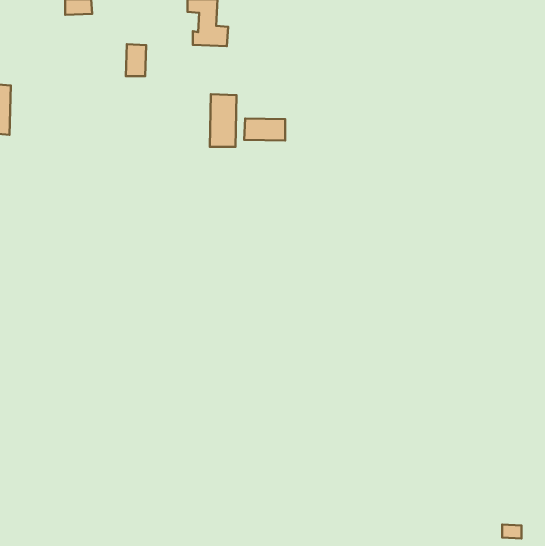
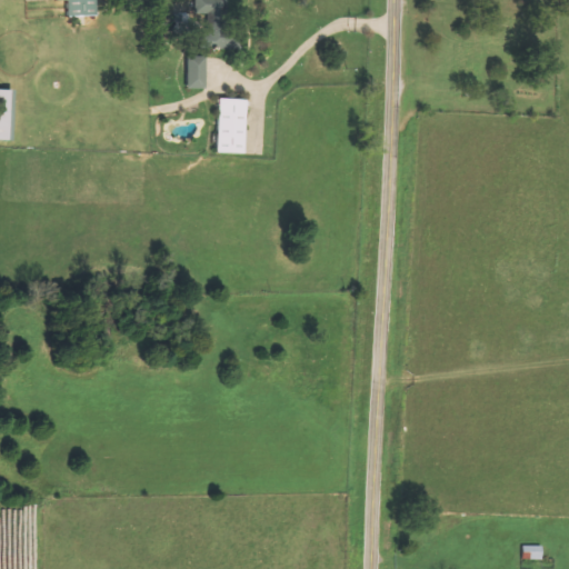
building: [126,44,146,76] -> [186,54,207,88]
building: [244,118,285,141] -> none

